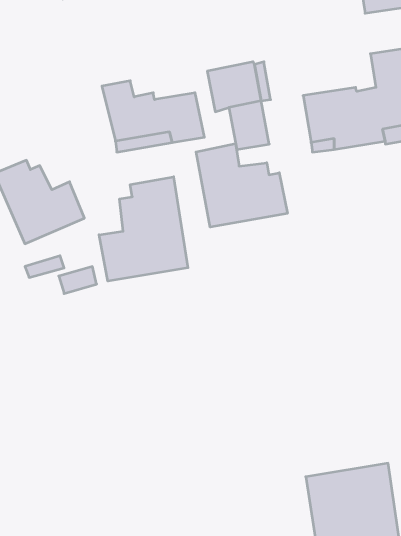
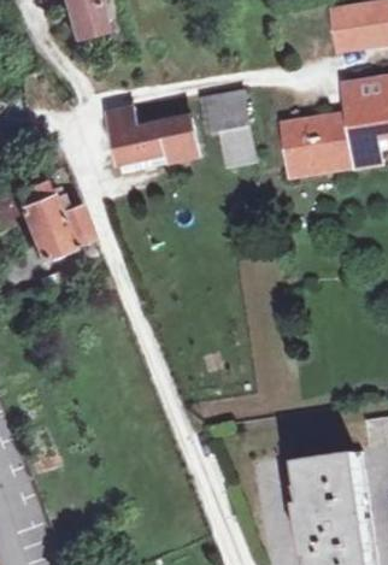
building: [196,144,287,227] -> none
building: [99,177,188,281] -> none

